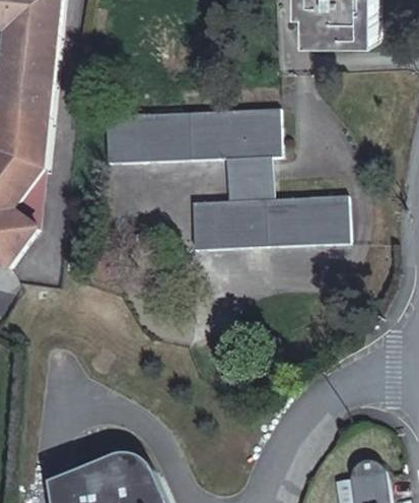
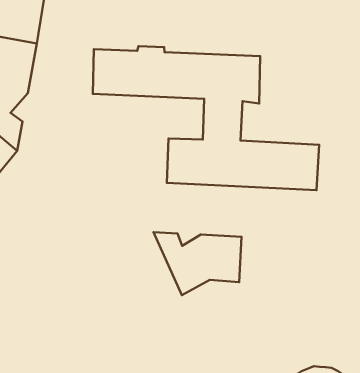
building: none -> [153,232,242,295]

